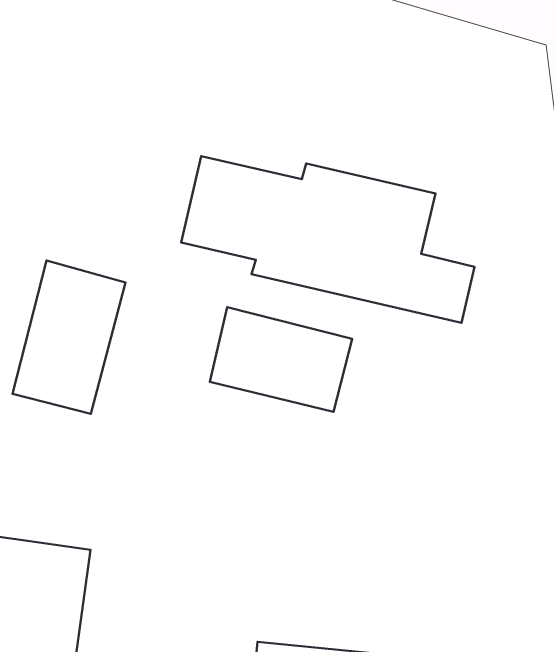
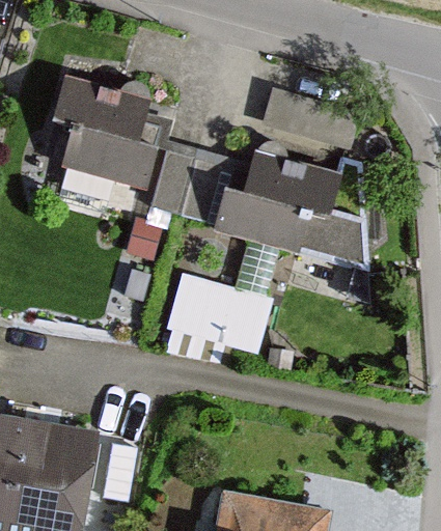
building: none -> [46,82,155,197]
building: [12,261,126,414] -> none

